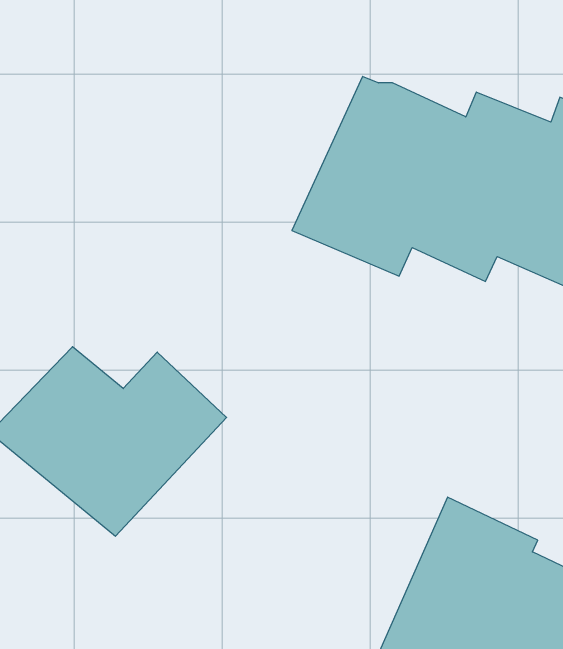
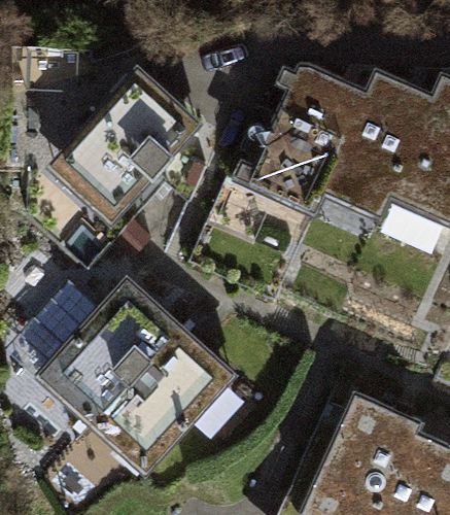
building: none -> [44,66,202,227]
building: none -> [92,330,235,478]

